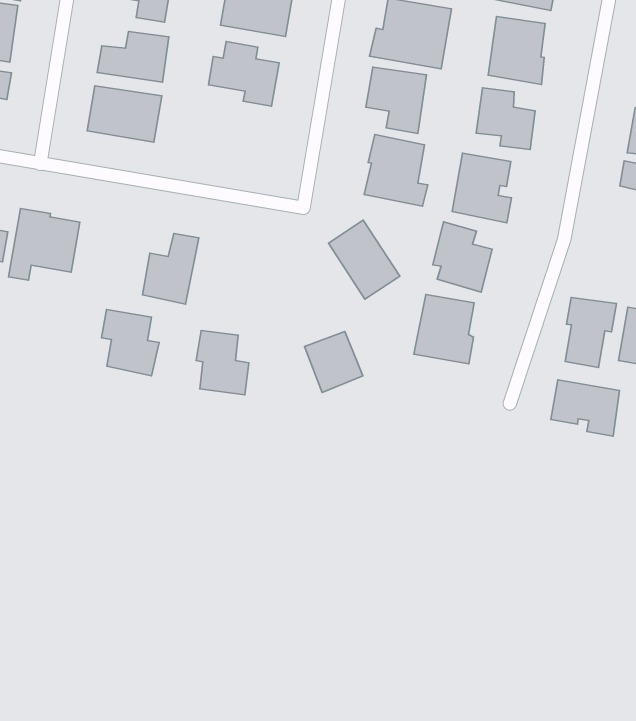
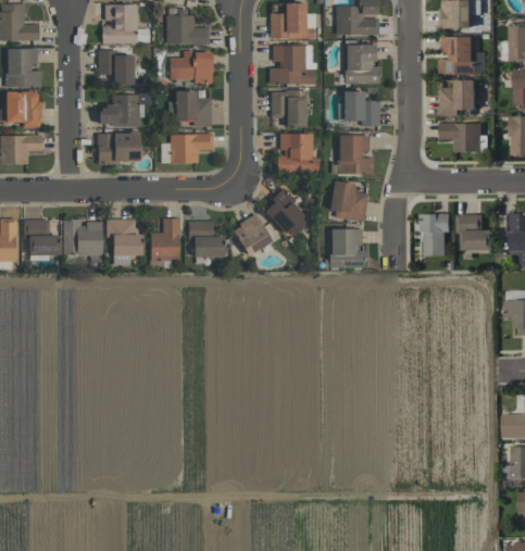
building: none -> [170,134,213,163]
building: [102,309,159,376] -> [105,218,142,255]
building: [196,331,249,395] -> [188,220,223,258]
building: [304,331,363,393] -> [232,214,272,255]
building: [551,380,619,436] -> none

